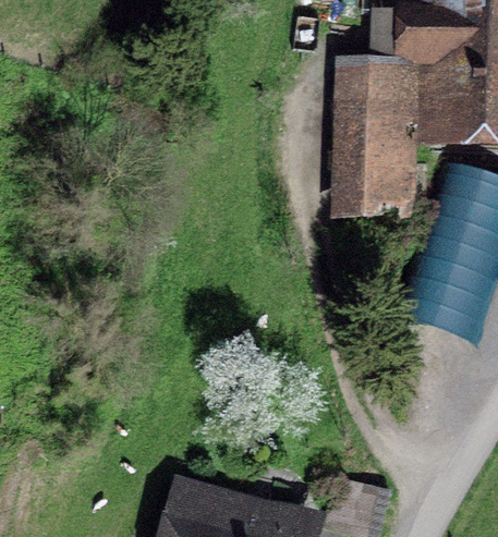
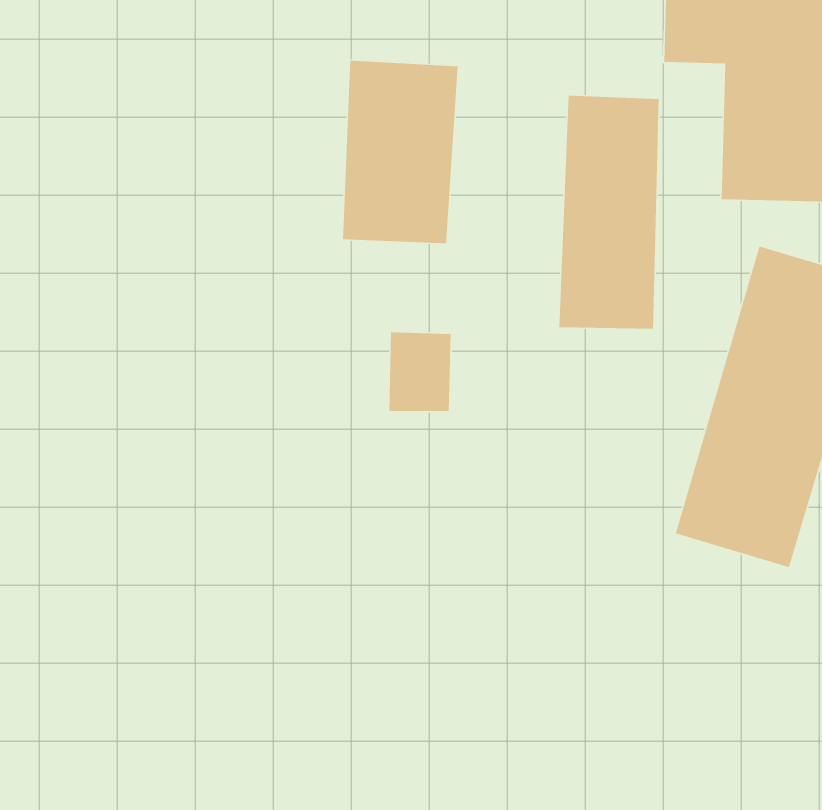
building: none -> [342,60,459,244]

